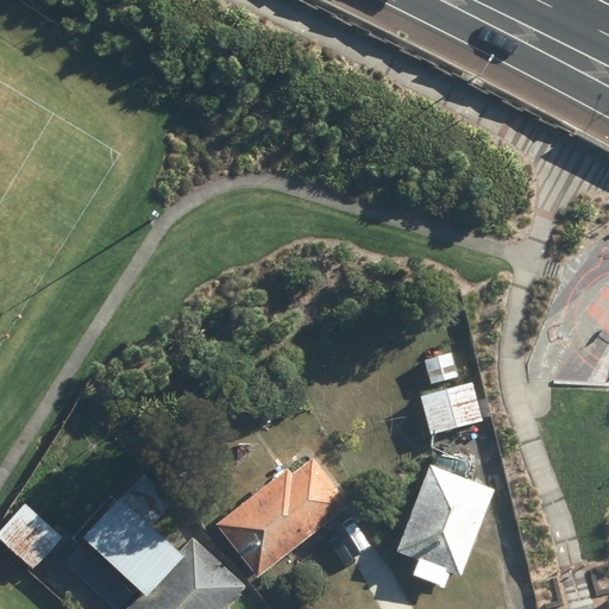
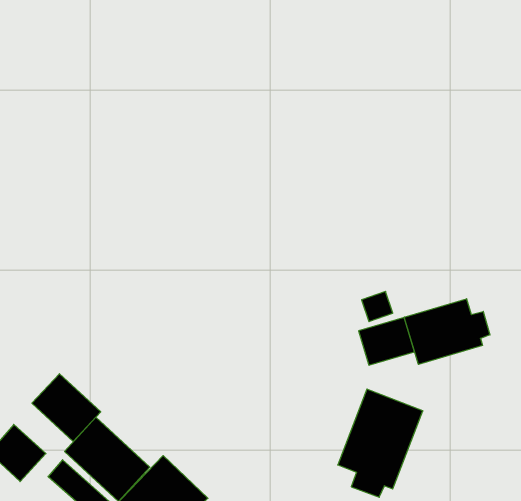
building: none -> [404,299,490,364]
building: none -> [32,374,101,441]
building: [216,457,346,576] -> none

